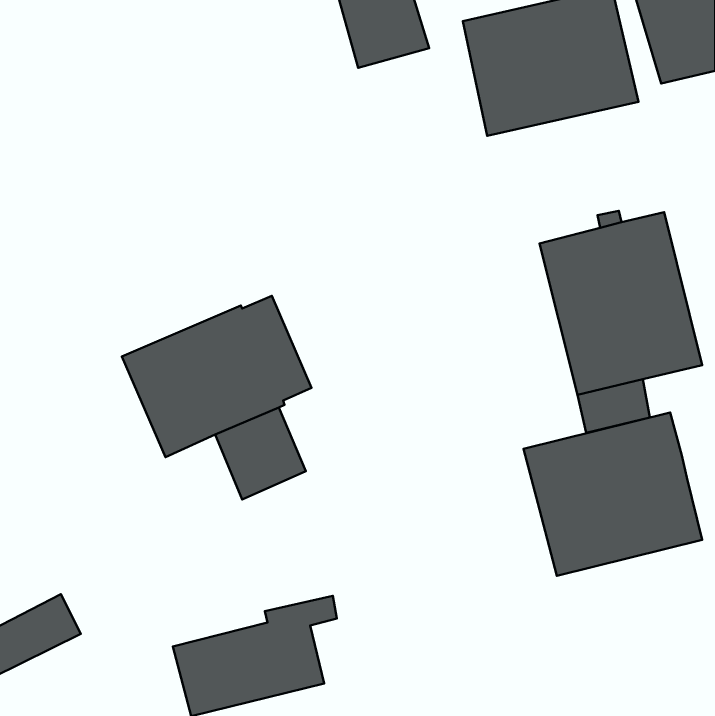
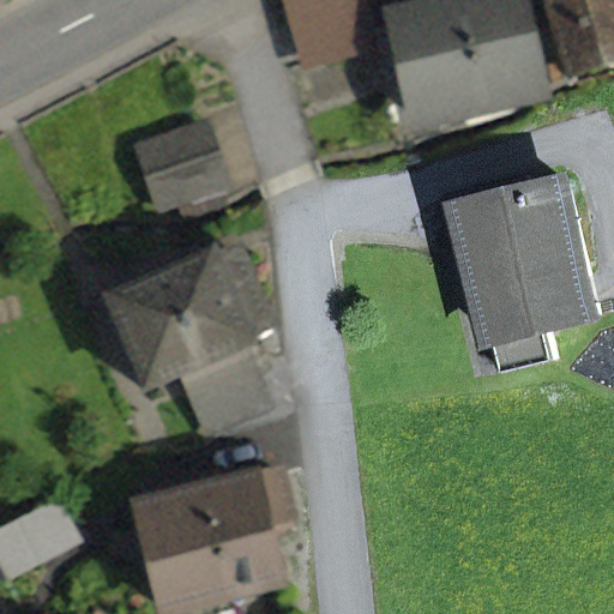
building: none -> [133,121,219,205]
building: [524,412,702,576] -> none
building: none -> [136,470,282,548]

